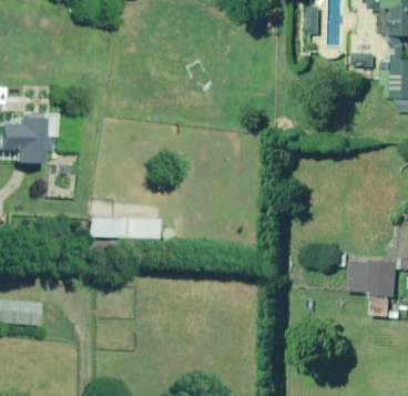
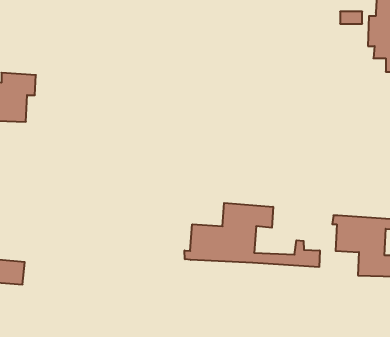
building: [84,217,154,237] -> none
building: none -> [185,203,320,267]

